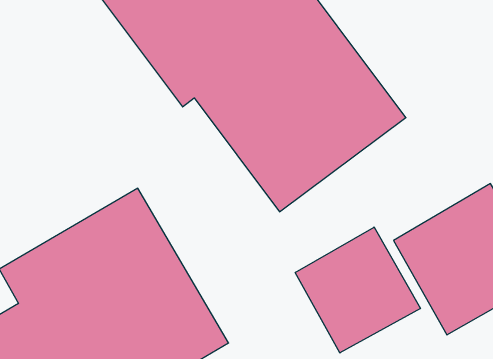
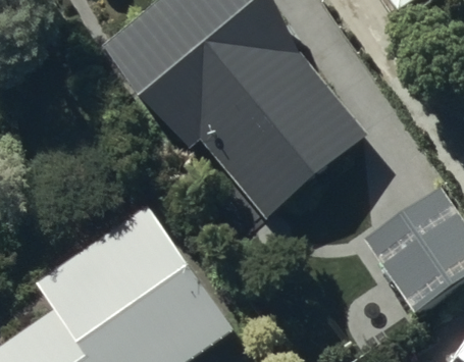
building: [295,227,420,353] -> none

